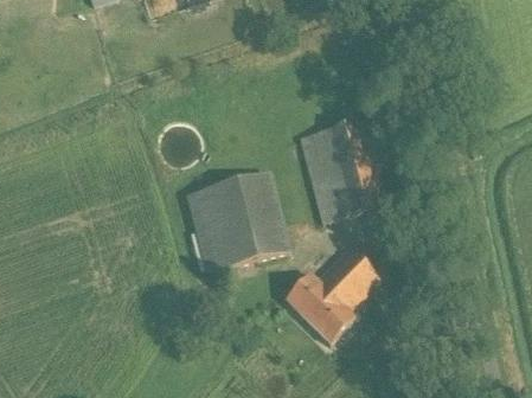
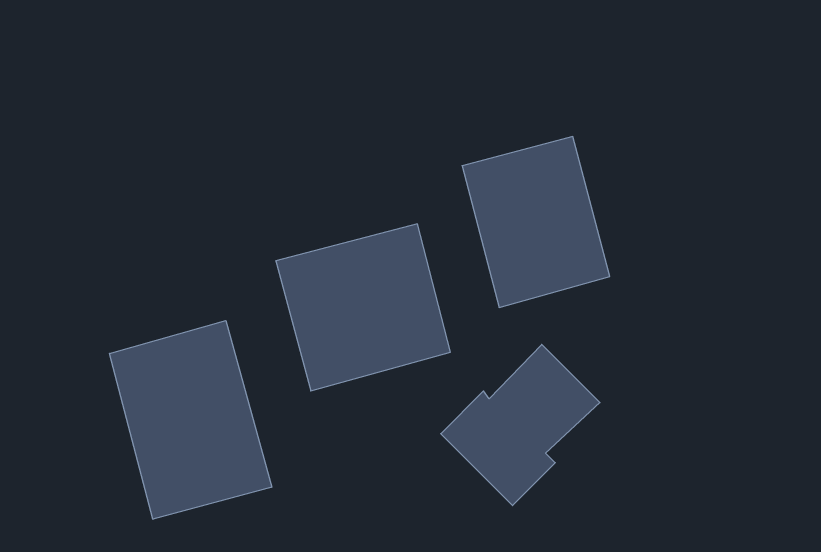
building: none -> [110,321,272,519]

